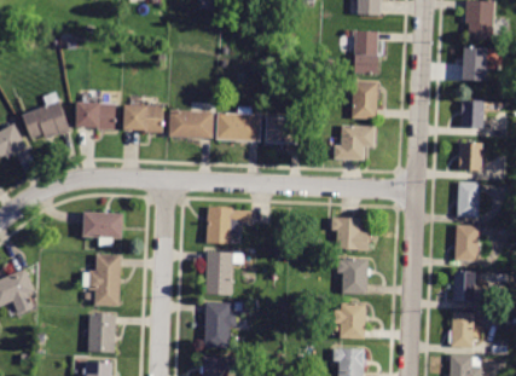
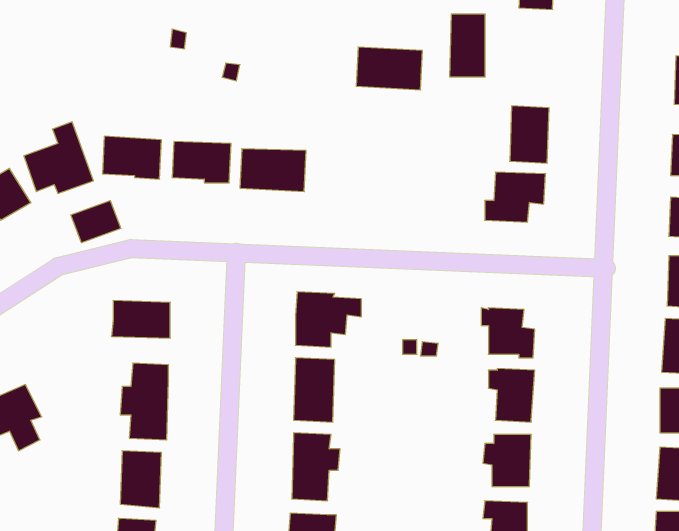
building: [354,31,378,74] -> [450,14,485,77]
building: [216,112,261,141] -> [356,47,422,90]
building: [266,117,303,144] -> none
building: none -> [71,201,121,243]

